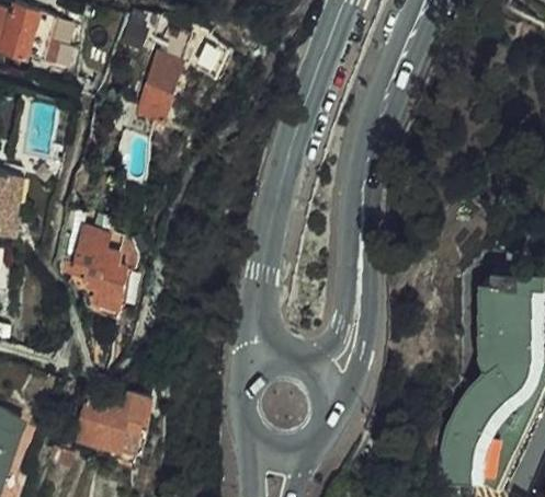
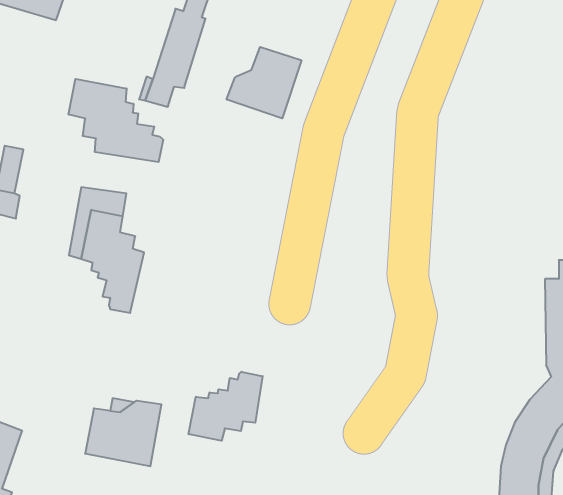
building: none -> [227,47,301,118]
building: none -> [69,79,163,162]
building: none -> [189,372,263,441]

